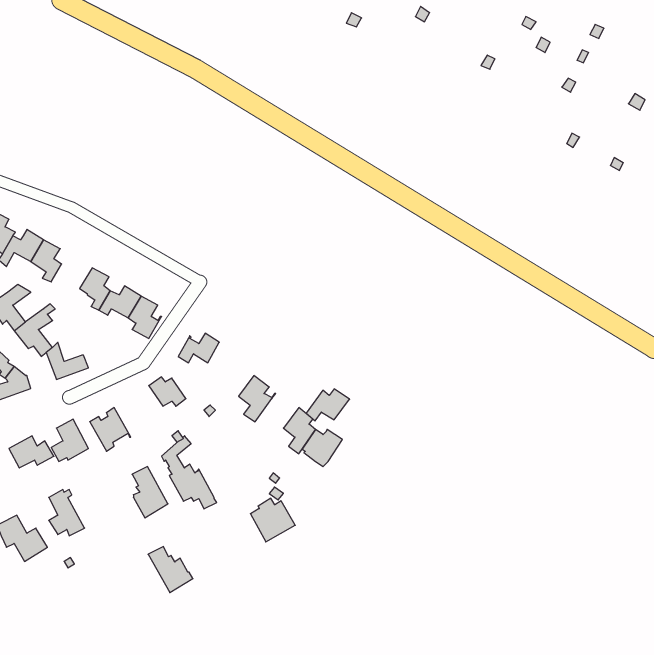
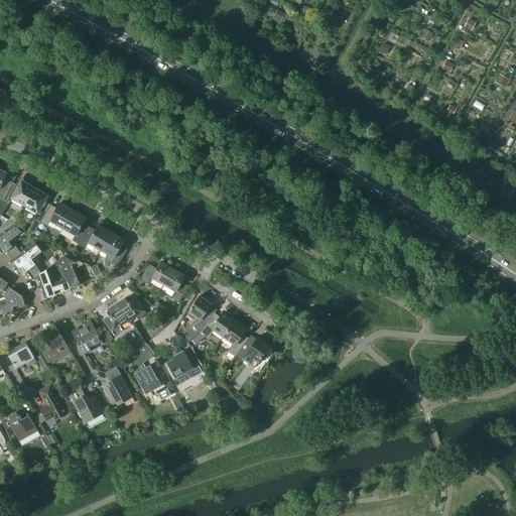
building: none -> [40,203,73,227]
building: none -> [56,254,83,289]
building: none -> [163,269,187,302]
building: none -> [103,303,128,336]
building: [306,389,350,421] -> [201,312,235,338]
building: [250,498,295,542] -> [166,351,202,385]
building: [148,547,193,593] -> [68,387,103,423]

